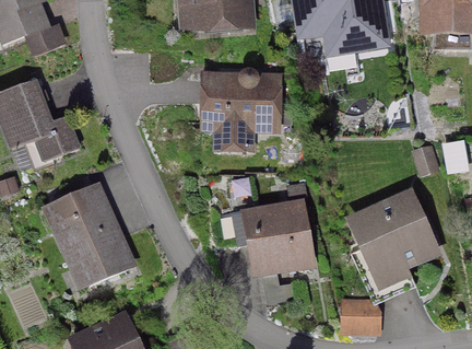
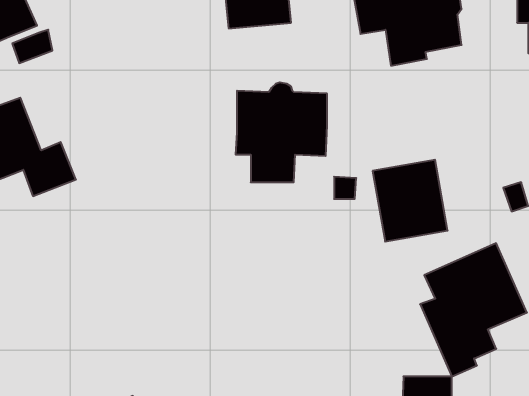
building: [46,185,132,283] -> none
building: [250,206,309,270] -> [373,160,448,242]

